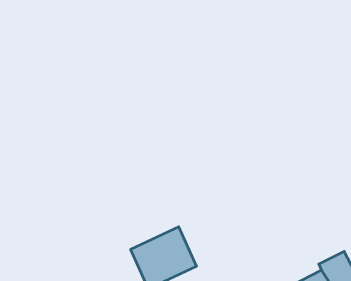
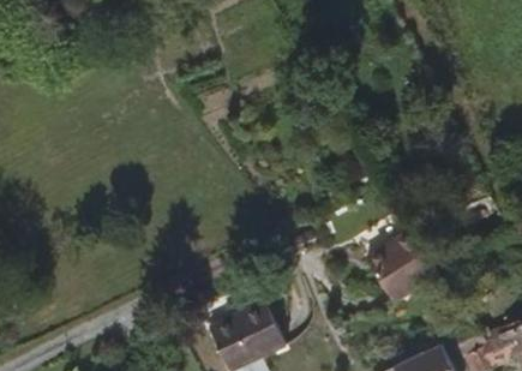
building: none -> [366,232,436,304]

